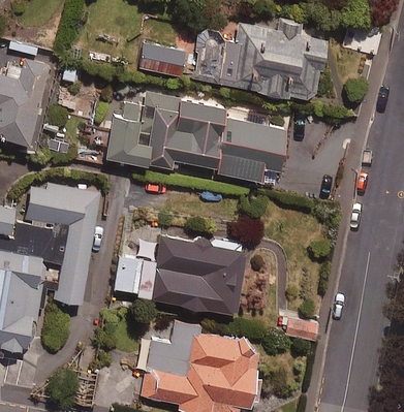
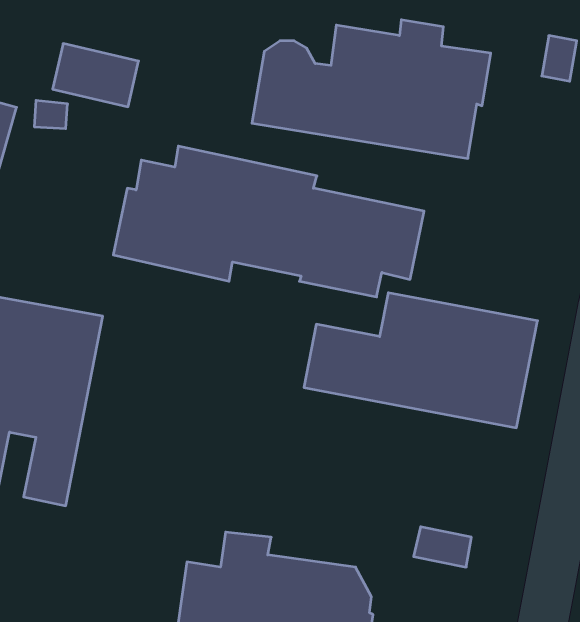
building: [136,40,187,77] -> [53,44,139,107]
building: [111,235,248,315] -> [304,293,538,428]

